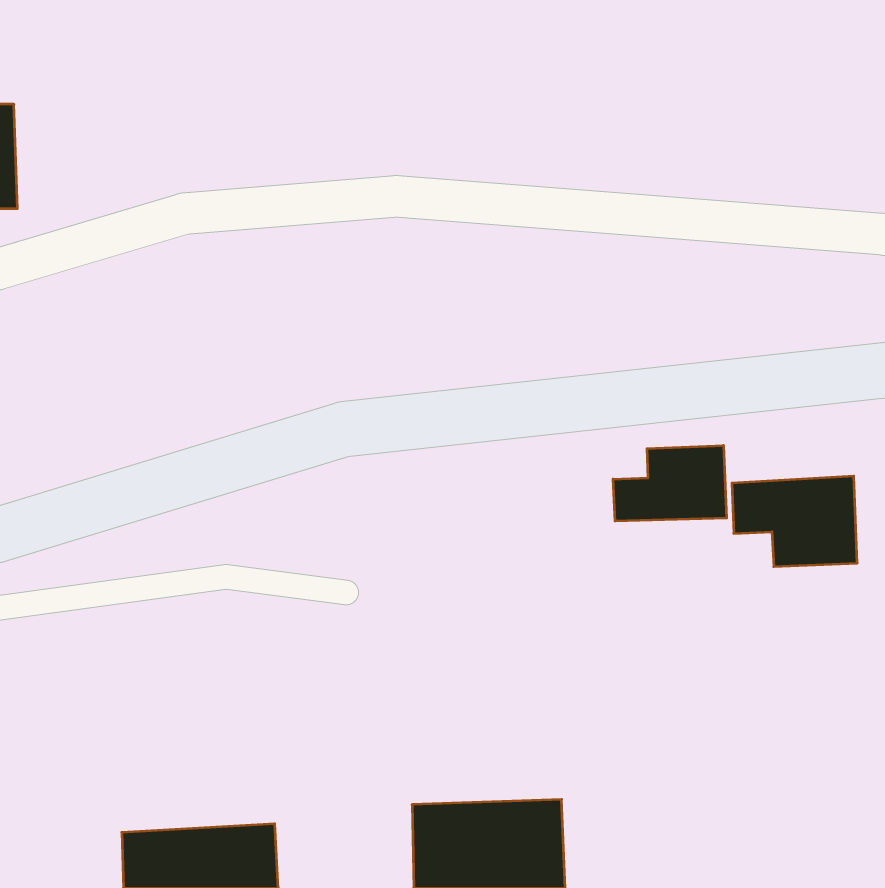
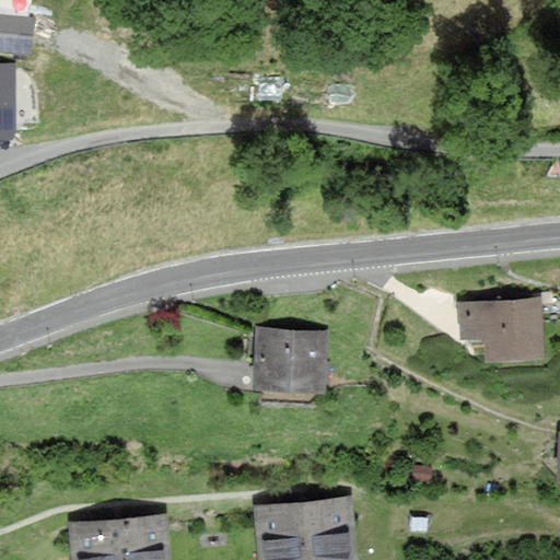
building: [613,445,727,521] -> none
building: none -> [255,328,325,382]

